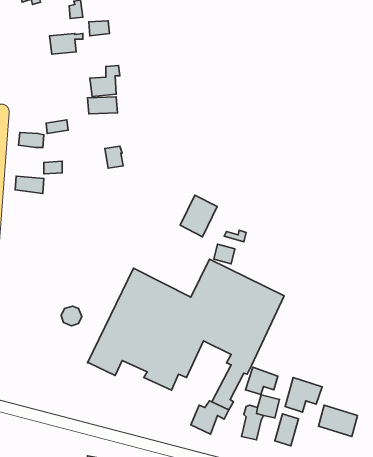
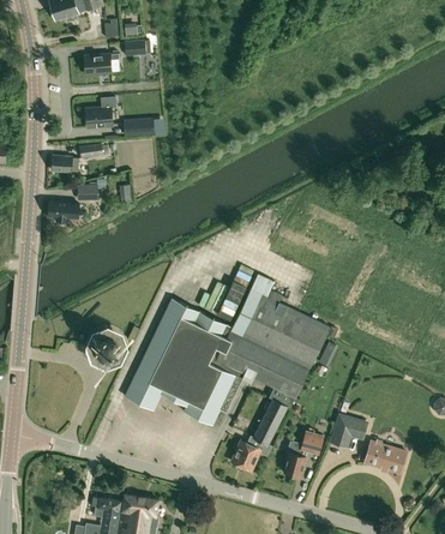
building: [90,66,120,97] -> [85,95,116,127]
building: [180,195,217,237] -> none
building: [245,367,278,395] -> none
building: [275,414,298,446] -> none

